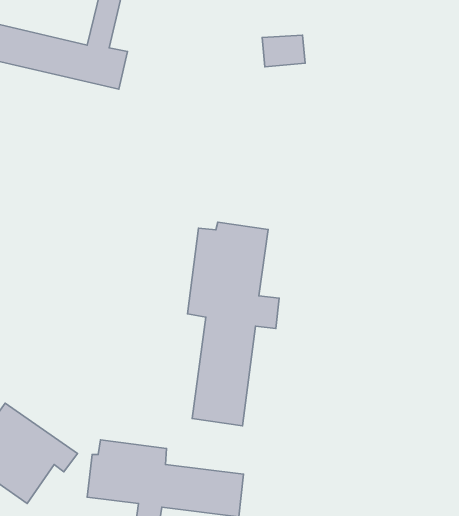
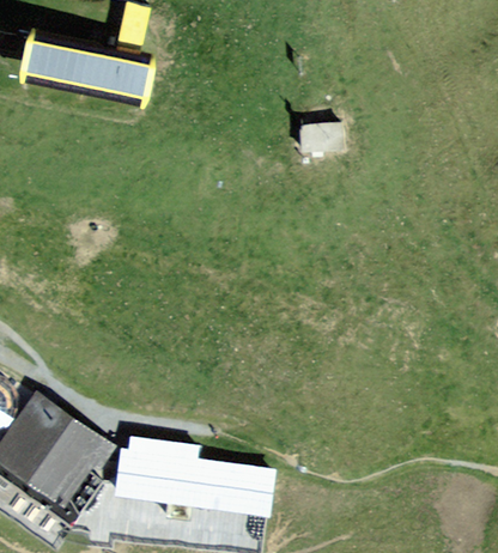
building: [262,35,305,67] -> [300,118,342,150]
building: [187,222,279,426] -> none

